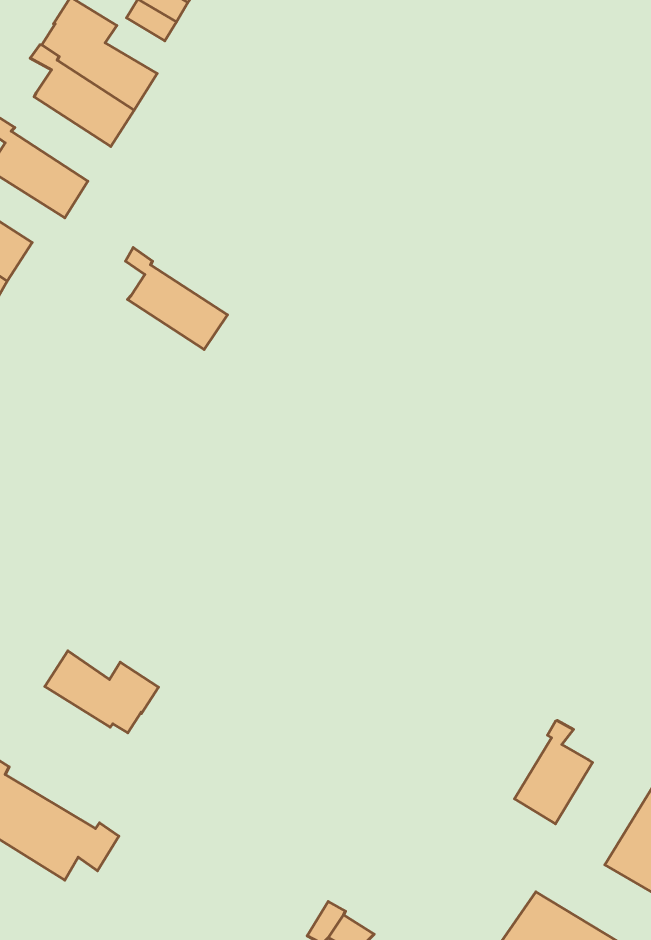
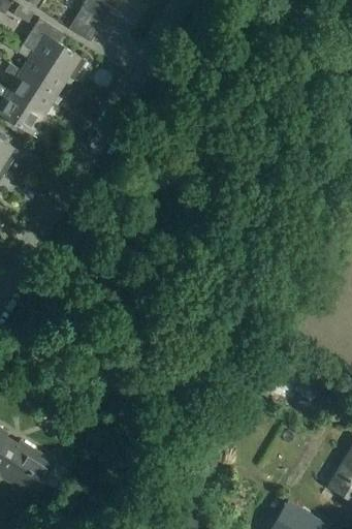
building: [125,248,227,349] -> [5,62,60,117]
building: [45,651,158,733] -> none
building: [514,721,592,824] -> none

